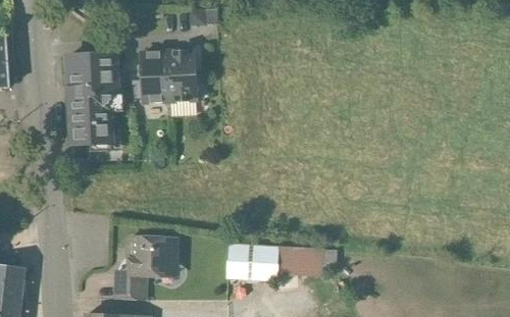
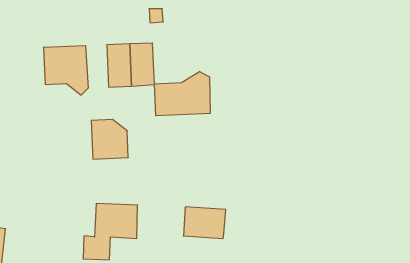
building: none -> [154,71,210,116]
building: [69,98,112,144] -> [91,119,128,159]
building: [276,244,323,274] -> none

